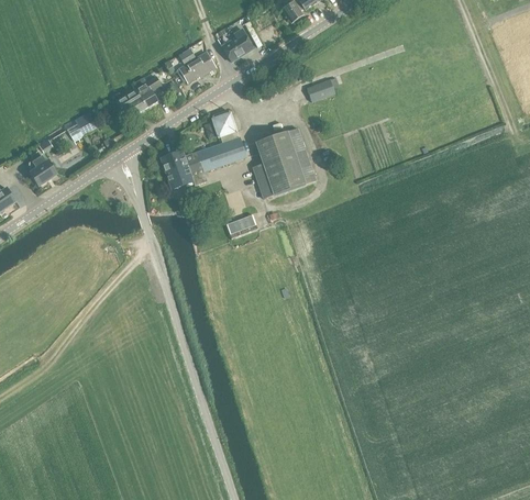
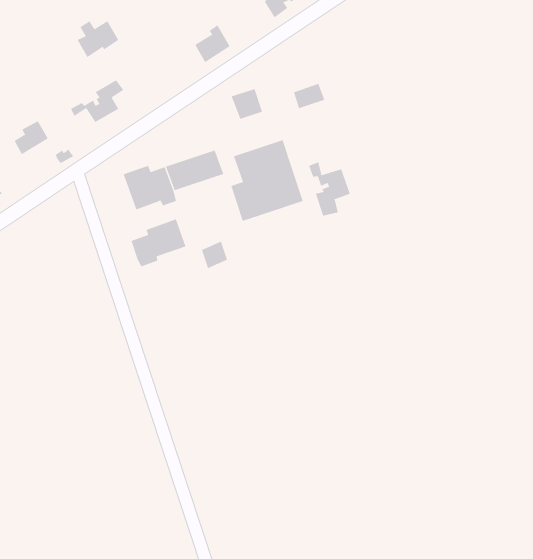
building: [178,51,214,82] -> [77,21,119,58]
building: [209,111,236,137] -> [231,89,263,119]
building: none -> [309,162,350,216]
building: none -> [131,218,186,267]

